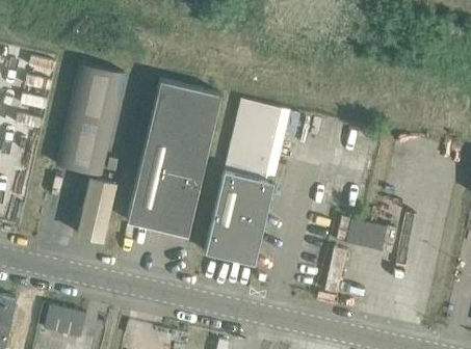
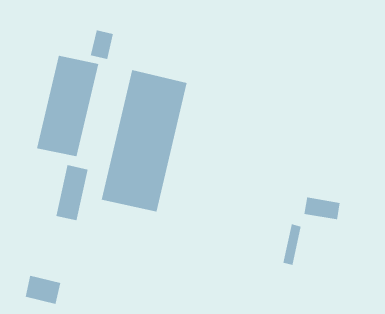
building: none -> [90,29,114,60]
building: [204,101,289,266] -> none

